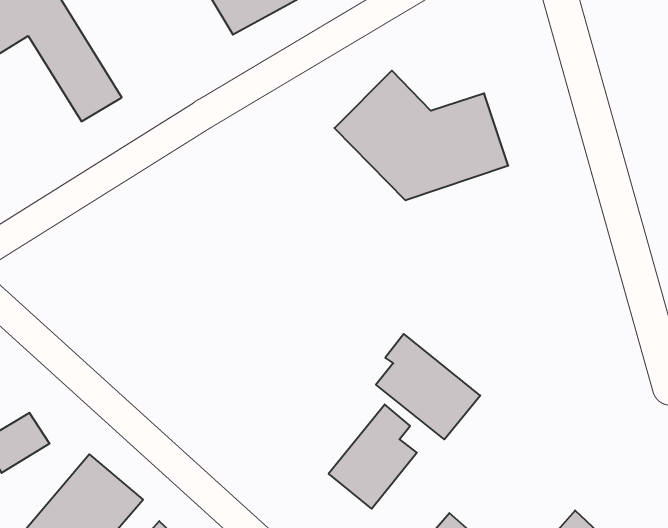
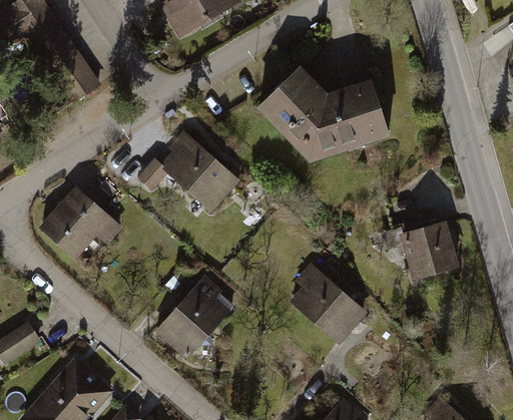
building: none -> [136,134,237,208]
building: none -> [34,182,121,261]
building: none -> [399,220,458,279]
building: [329,404,417,509] -> [163,274,229,352]

